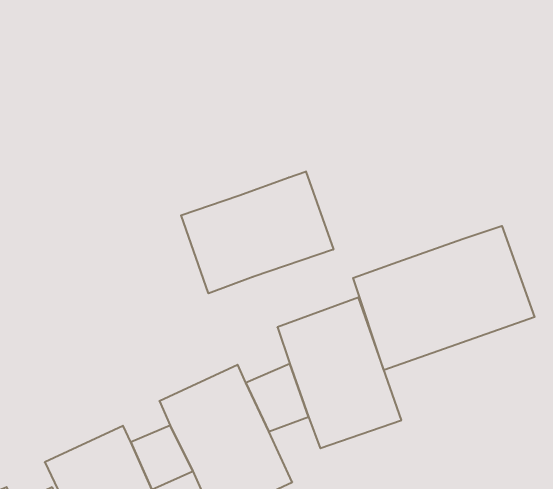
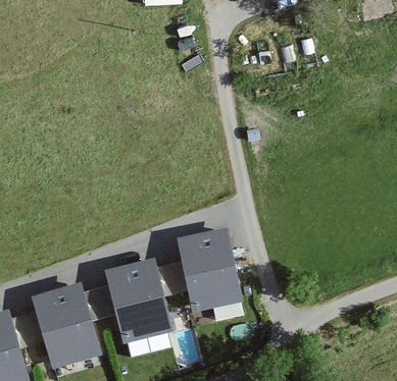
building: [181,171,333,293] -> none
building: [353,226,535,370] -> none

